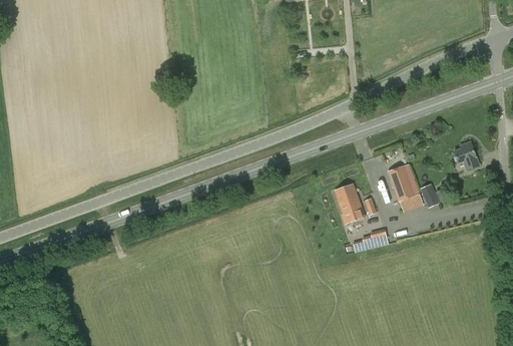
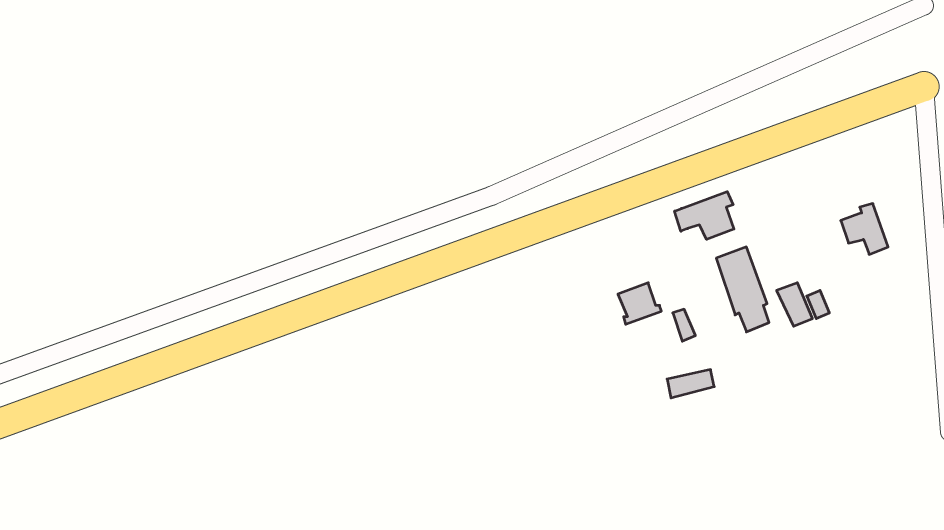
building: none -> [675,192,734,239]
building: [339,199,364,224] -> none

